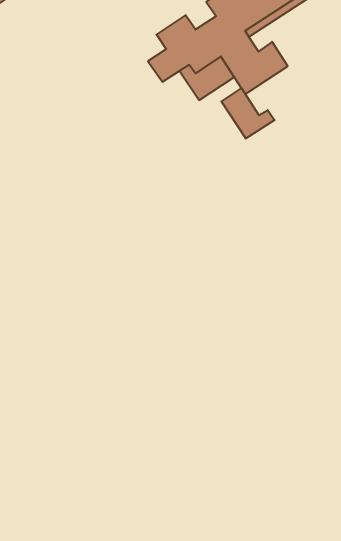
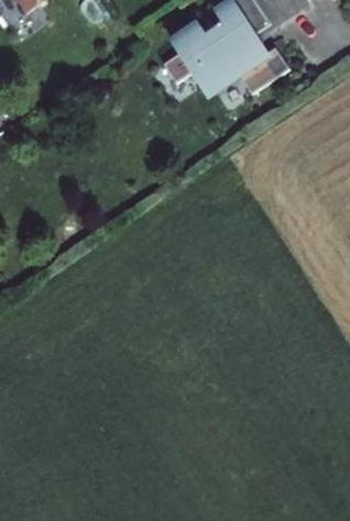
building: [221,88,275,139] -> none

